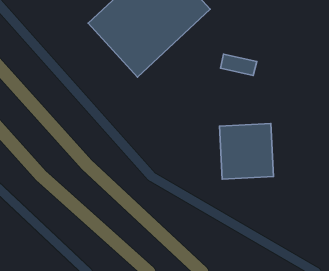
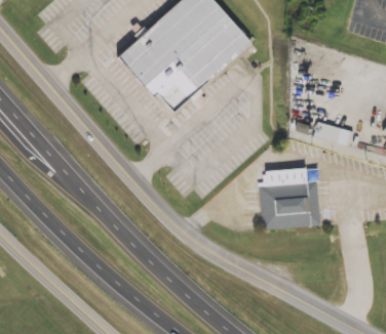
building: [221,54,257,75] -> [315,122,355,145]

